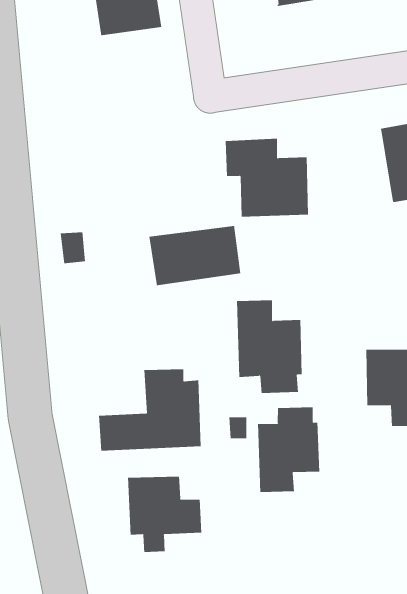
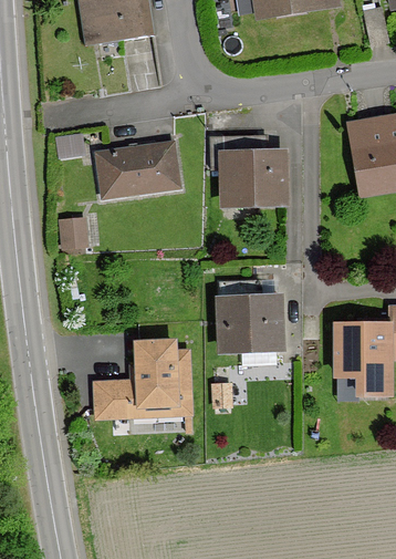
building: [149,225,241,286] -> [94,143,177,197]
building: [258,406,320,493] -> none
building: [127,476,202,553] -> none

